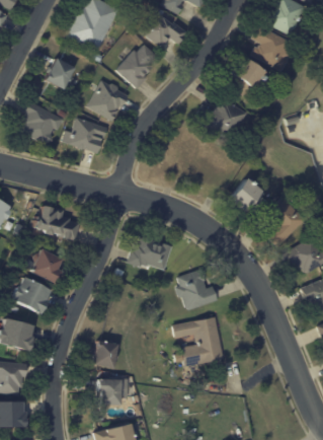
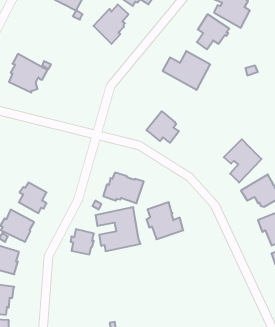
building: [47,58,77,89] -> none
building: [87,82,129,124] -> none
building: [63,117,108,153] -> none
building: [228,178,264,214] -> [146,111,179,143]
building: [32,203,77,240] -> none
building: [172,315,223,365] -> [95,207,140,251]
building: [91,339,117,367] -> [71,229,94,254]
building: [97,378,127,404] -> none

